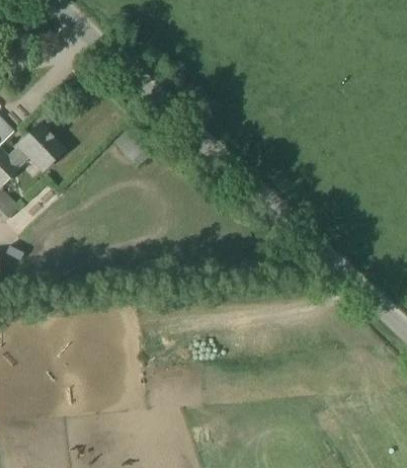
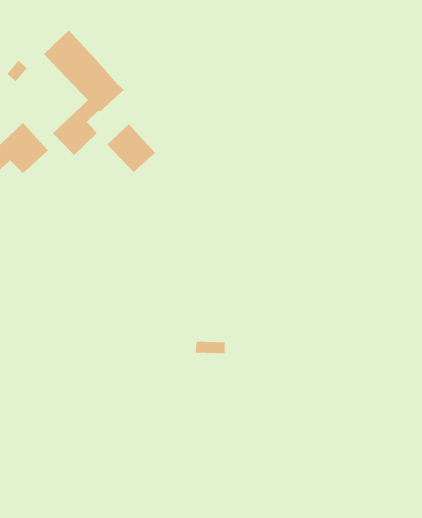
building: none -> [43,29,124,156]

